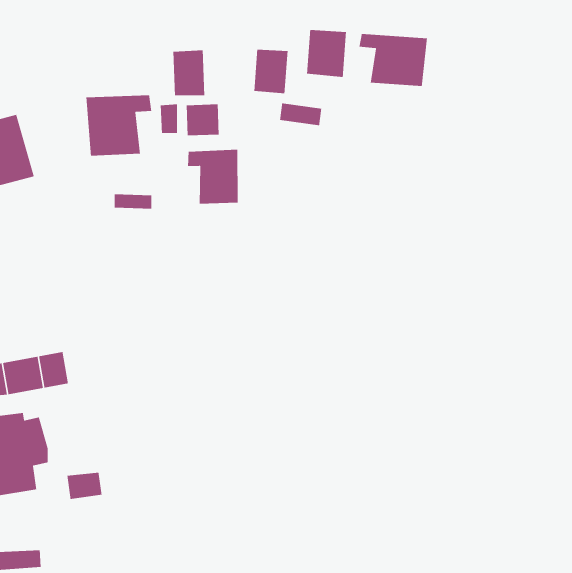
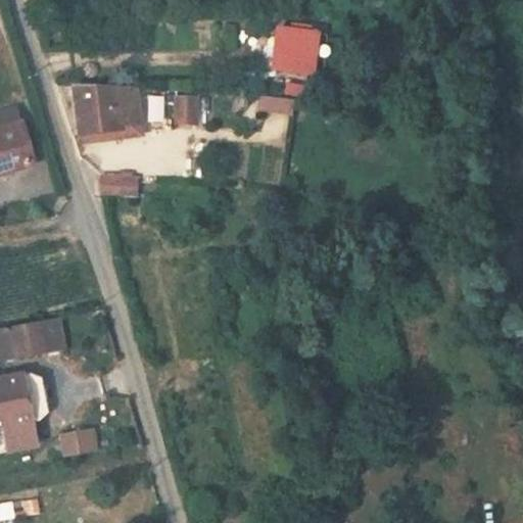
building: [359,33,428,87] -> none
building: [254,49,289,94] -> none
building: [172,49,205,96] -> none
building: [187,149,239,205] -> none

